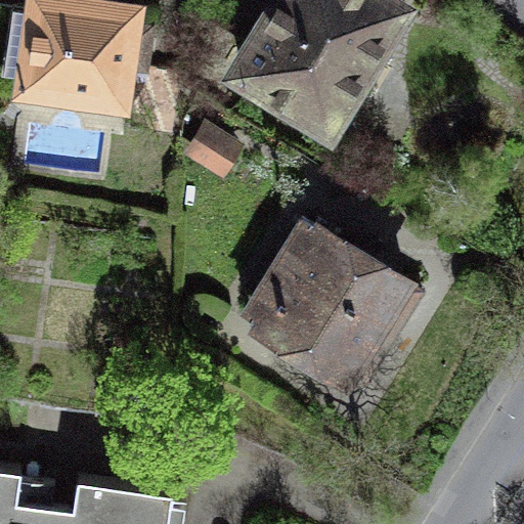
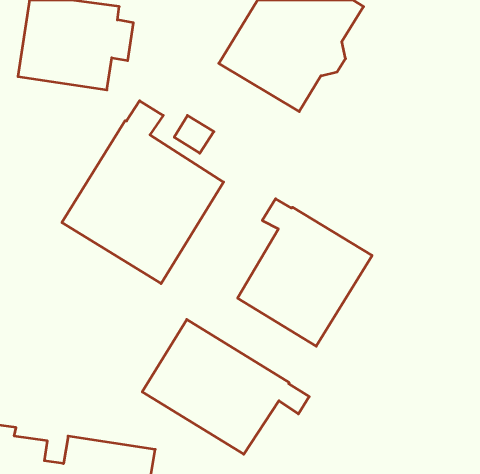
building: none -> [62,101,224,284]
building: none -> [142,319,309,454]

